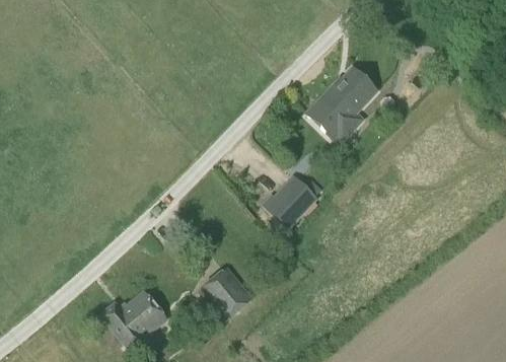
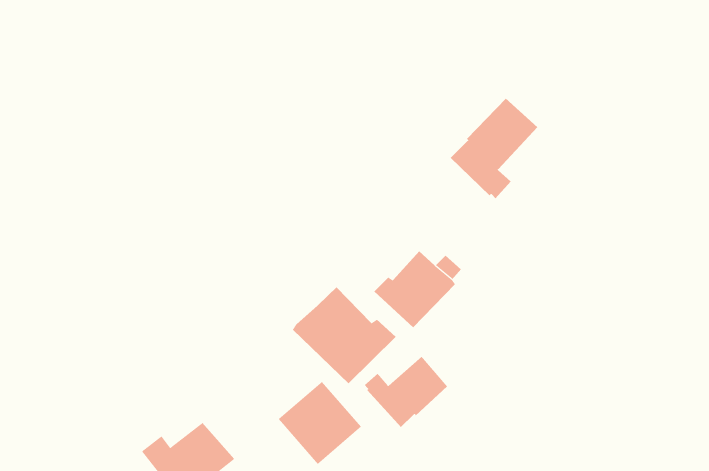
building: none -> [292,286,396,384]
building: none -> [364,356,448,428]

